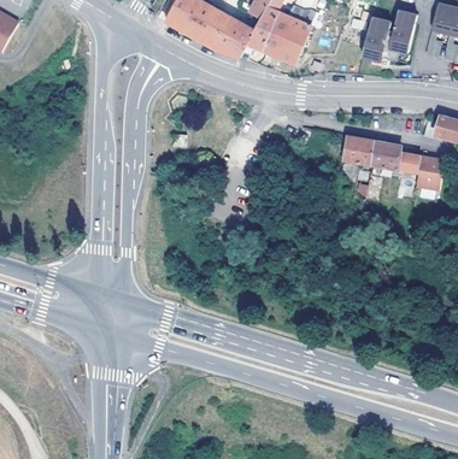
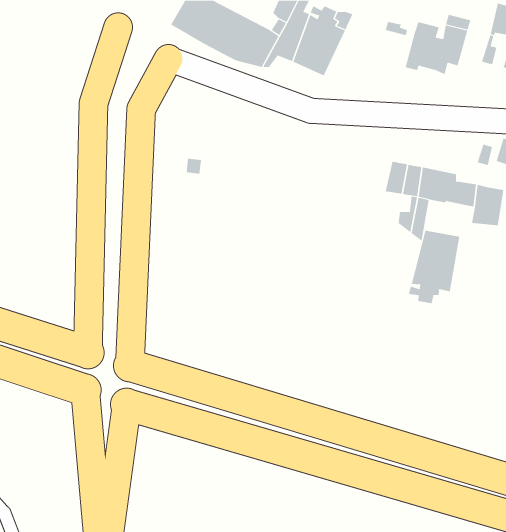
building: none -> [408,230,460,304]

